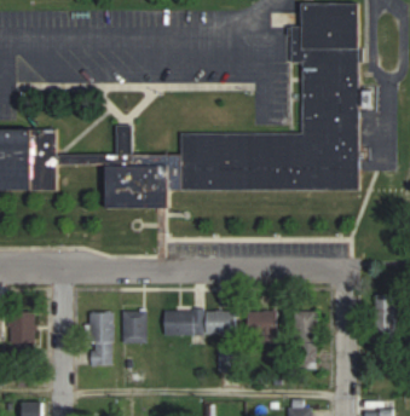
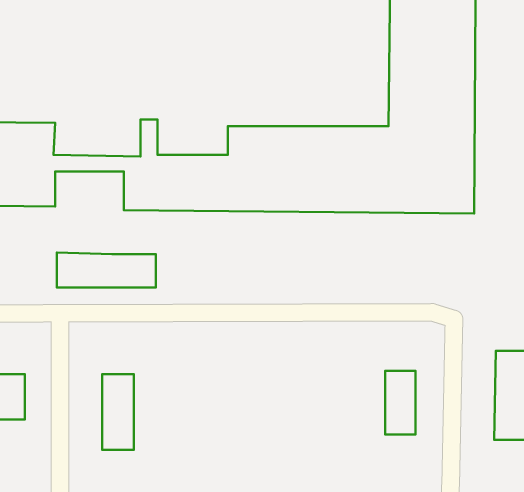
building: [163,310,235,335] -> [57,252,156,288]
building: [247,311,278,339] -> none
building: [121,312,145,342] -> none

